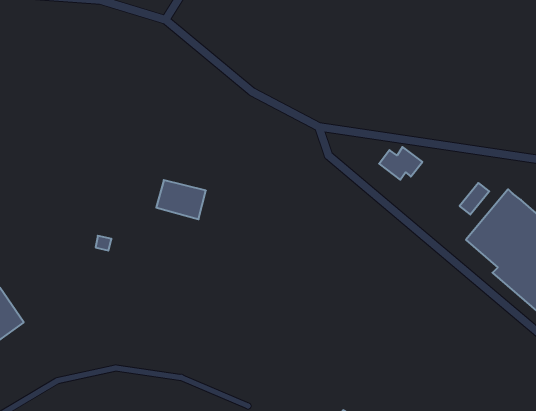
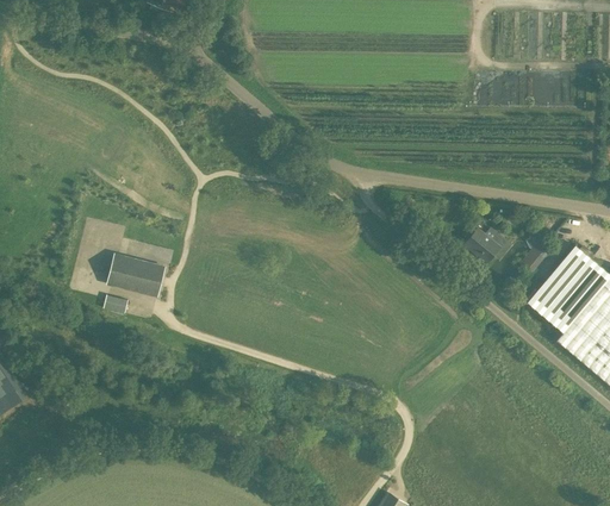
building: [379,147,422,180] -> [462,226,511,263]
building: [156,180,206,219] -> [108,254,164,298]

